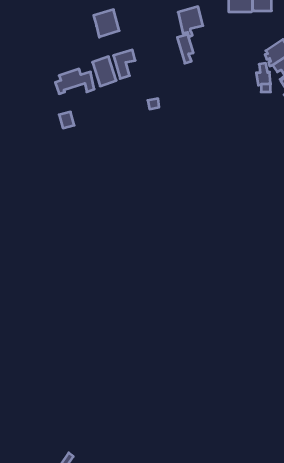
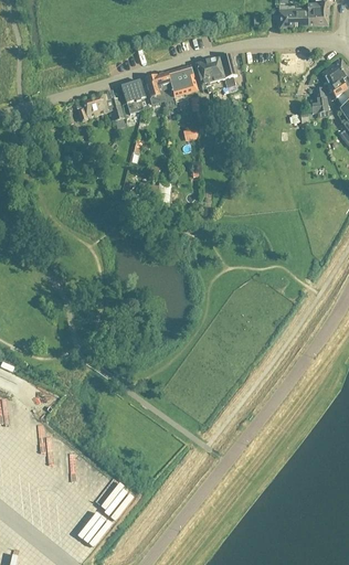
building: [178,7,203,37] -> [195,56,224,92]
building: [94,10,119,37] -> [167,64,197,96]

